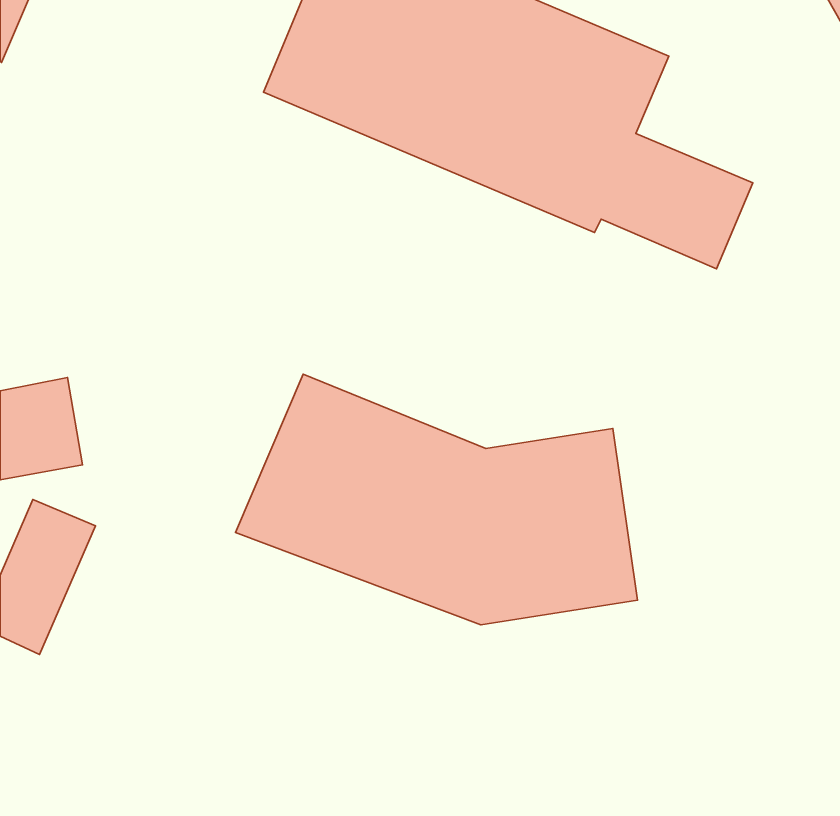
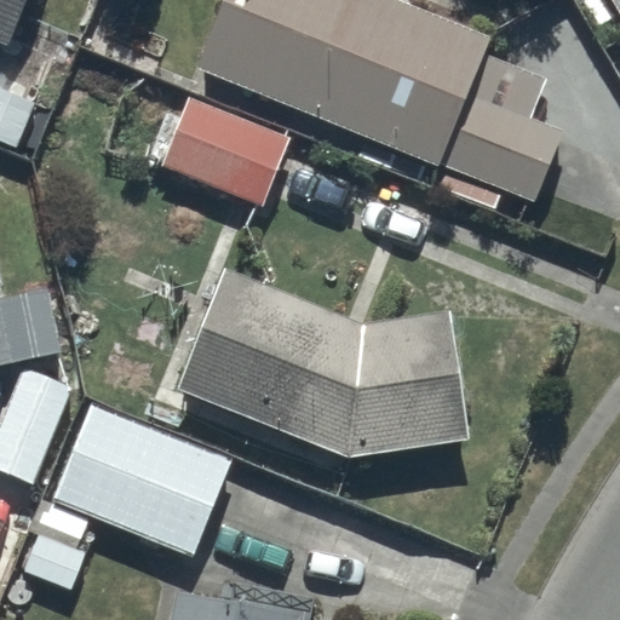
building: none -> [150,94,289,201]
building: none -> [24,396,232,584]

